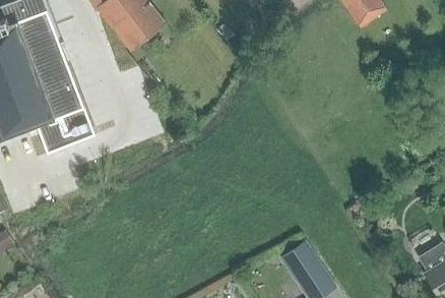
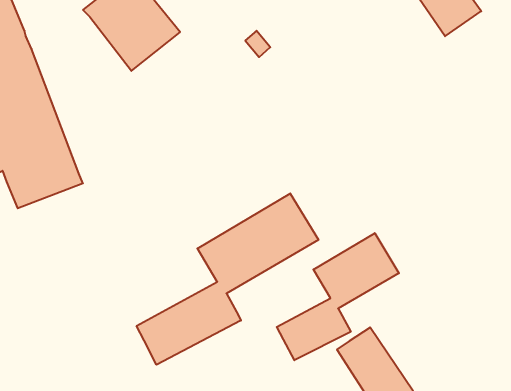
building: none -> [137,193,318,365]
building: none -> [277,233,399,360]

